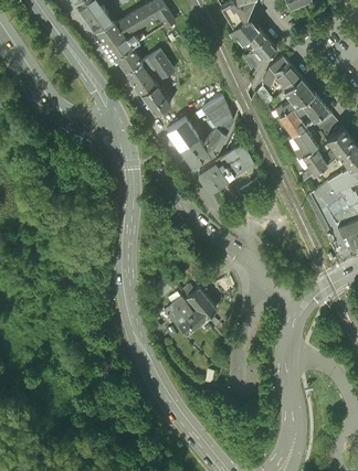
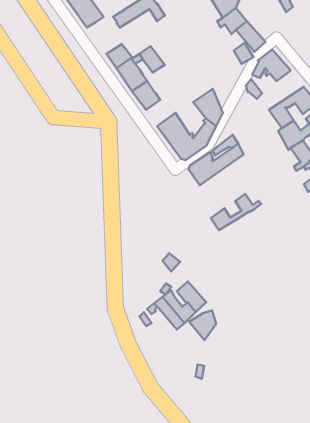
building: [97,24,141,62] -> none
building: [274,79,316,118] -> none
building: none -> [211,194,261,230]
building: none -> [189,310,216,340]

